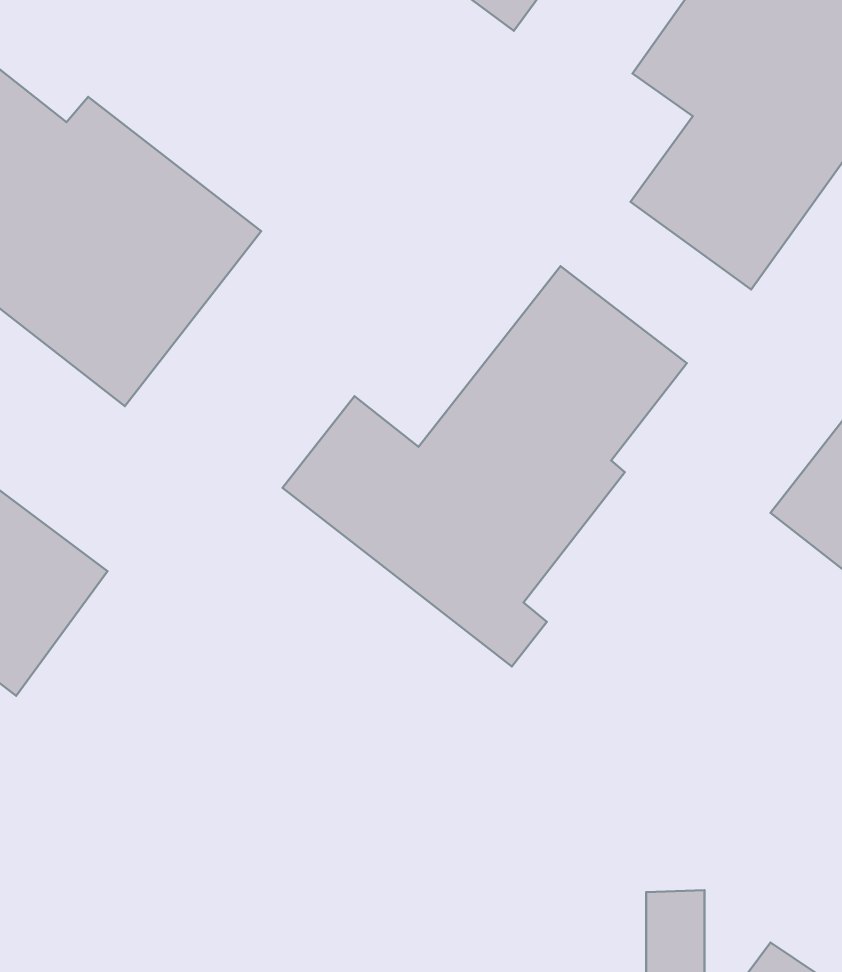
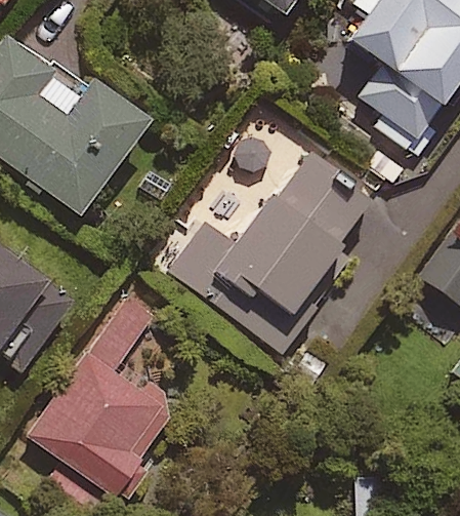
building: none -> [26,295,174,504]

